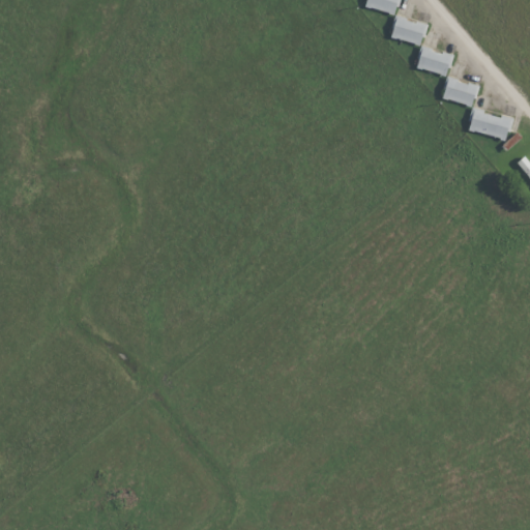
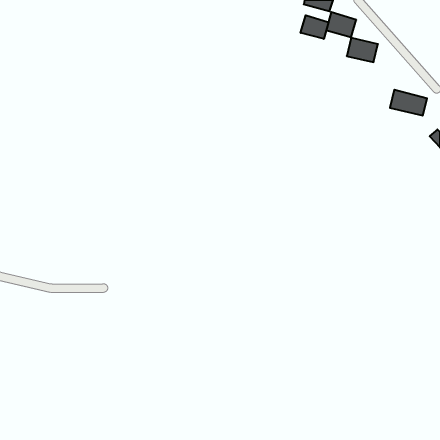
building: none -> [301,15,328,39]
building: [442,77,479,107] -> none

